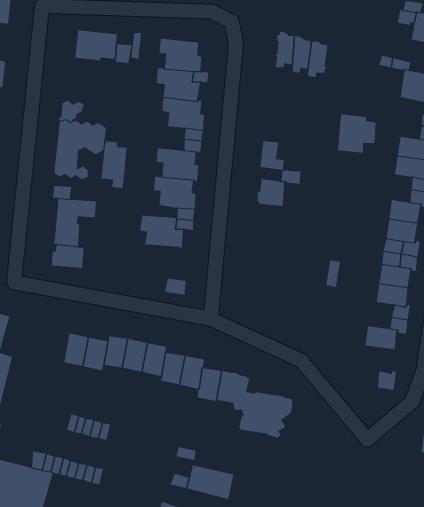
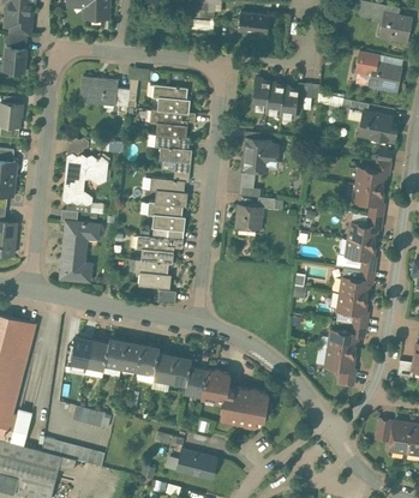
building: [337,114,376,153] -> [244,138,277,172]
building: [101,140,127,189] -> none
building: none -> [134,259,172,288]
building: none -> [327,347,355,371]

